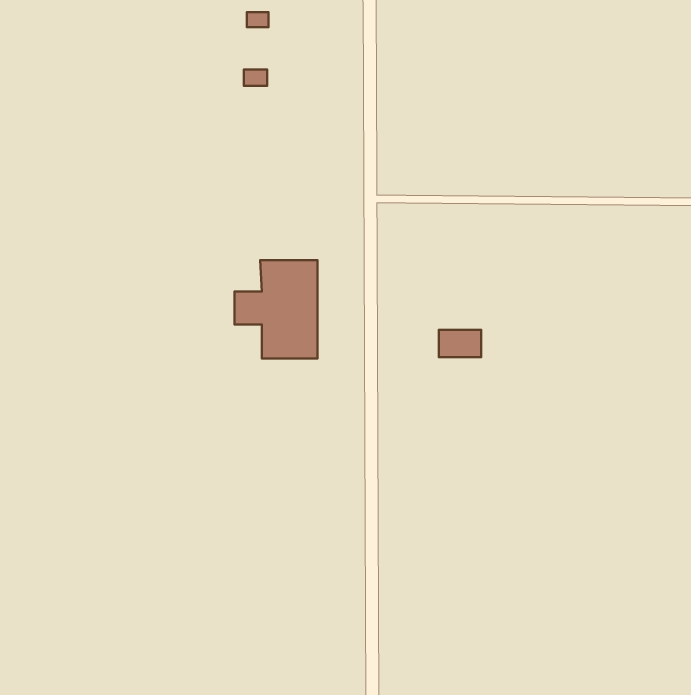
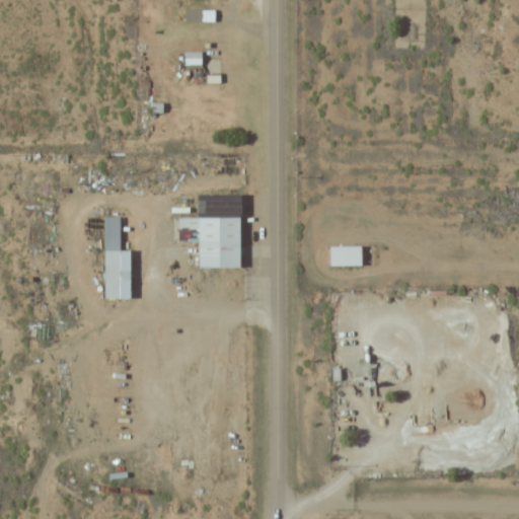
building: none -> [97,217,132,299]

